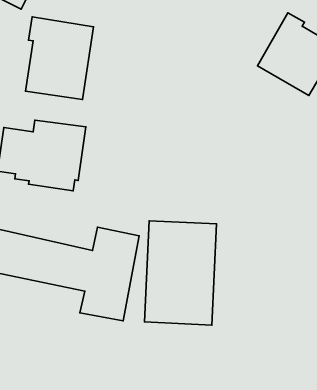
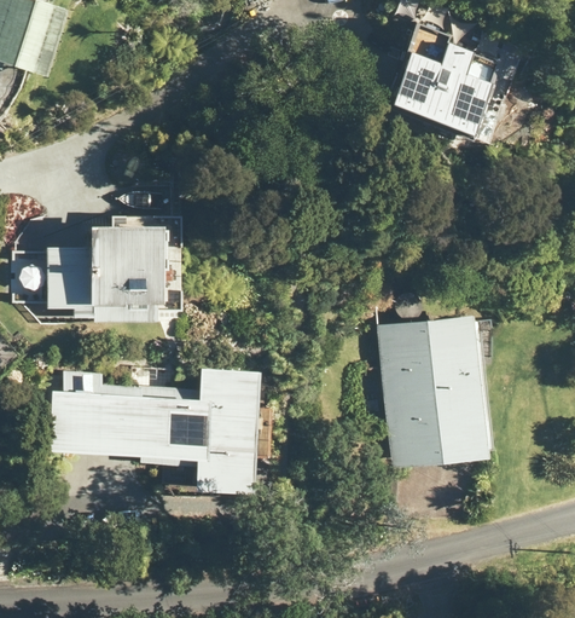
building: [26,17,93,99] -> none
building: [145,221,216,325] -> [377,313,487,467]

